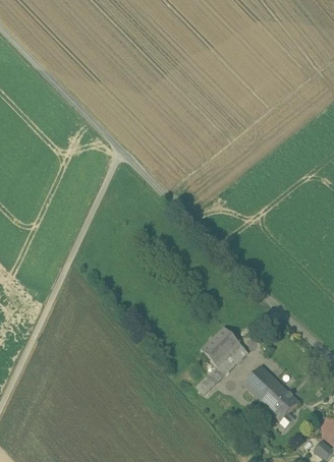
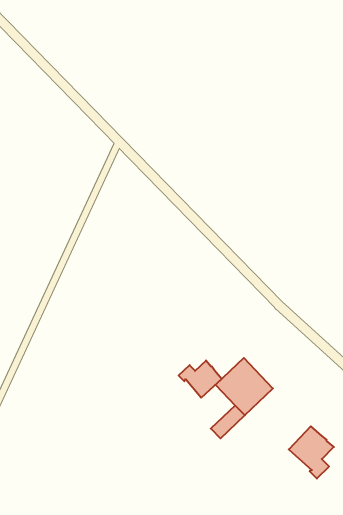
building: none -> [179,360,222,398]
building: [243,364,280,402] -> none

